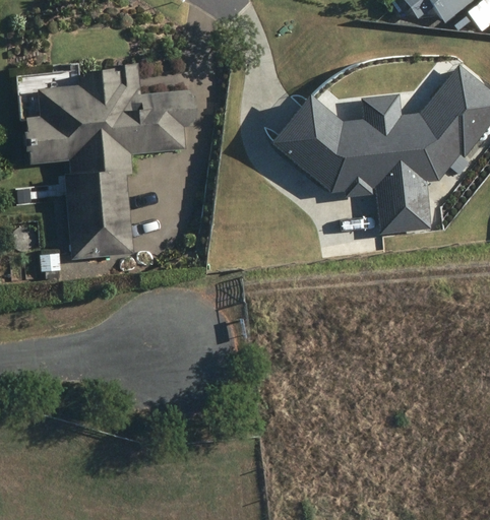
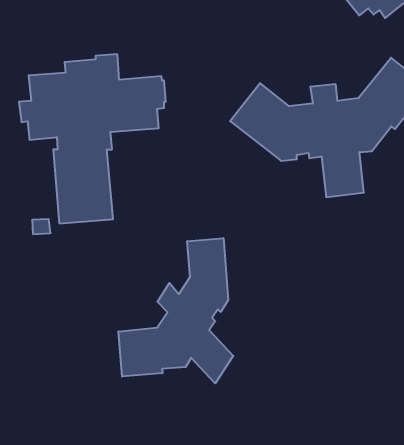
building: none -> [118,238,233,383]

